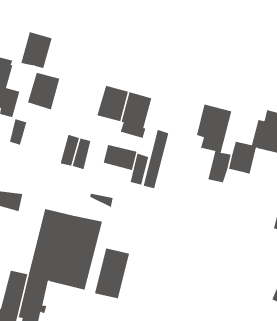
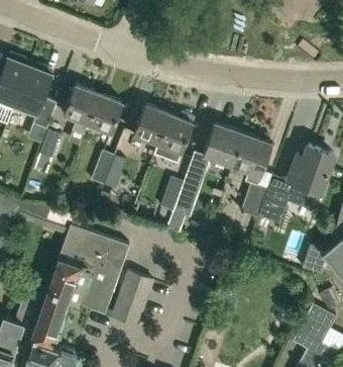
building: [20,32,53,69] -> [88,94,123,133]
building: none -> [203,124,244,166]
building: [103,144,137,171] -> none

